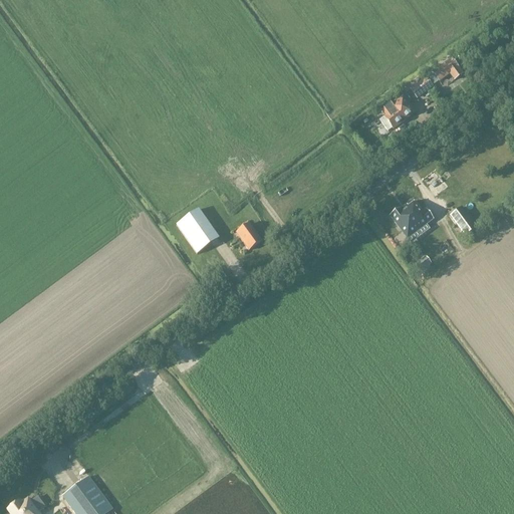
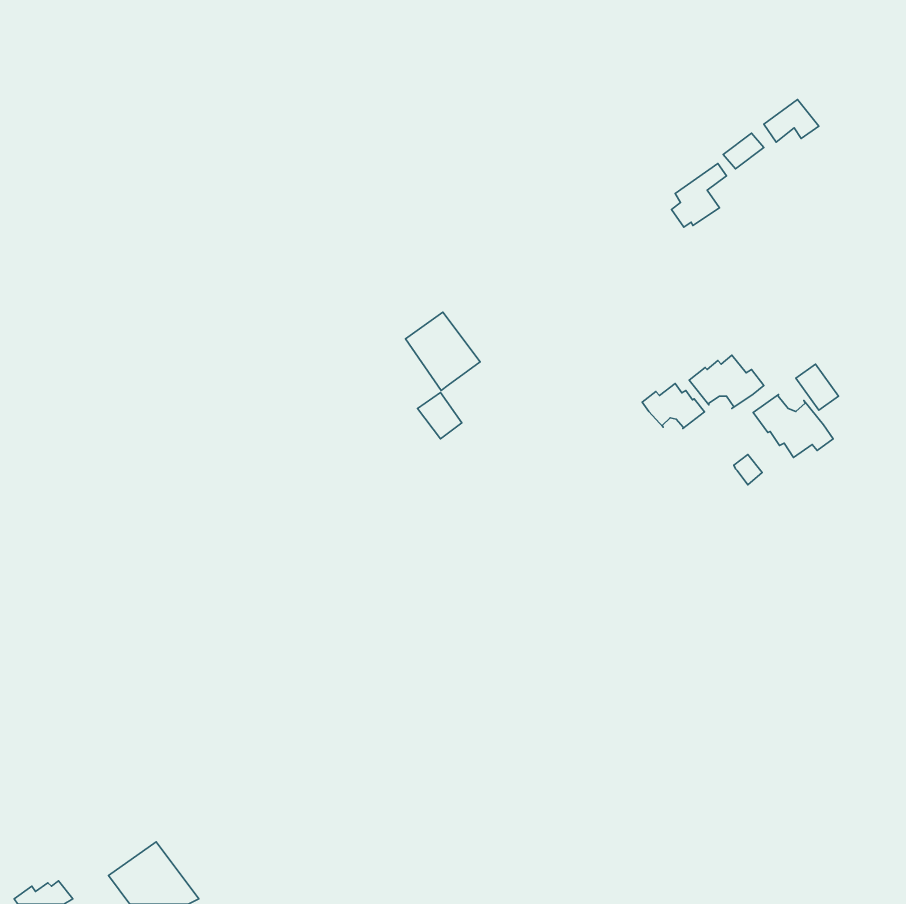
building: [177,209,219,253] -> [406,312,480,390]
building: none -> [642,383,705,429]
building: none -> [753,394,833,457]

